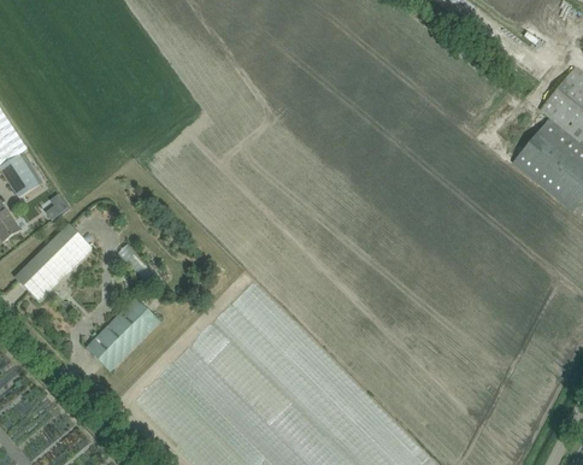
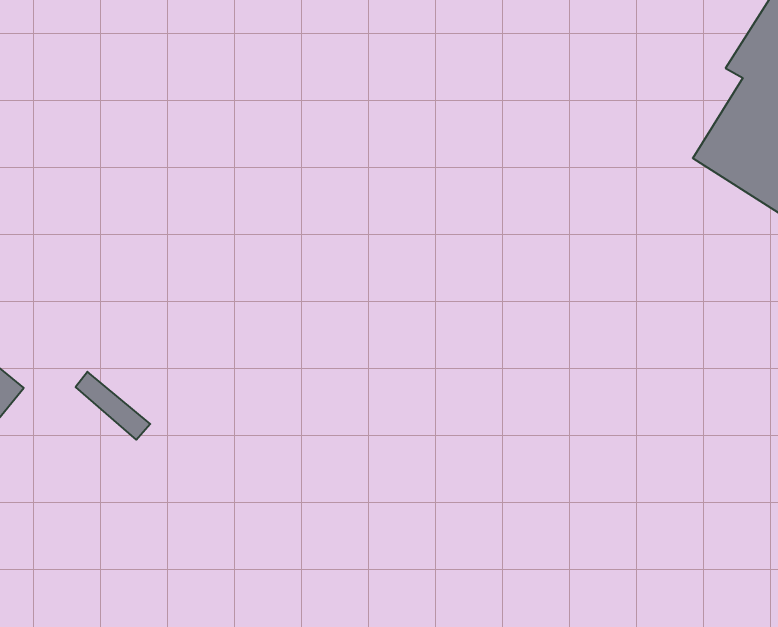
building: [86,296,159,371] -> none

